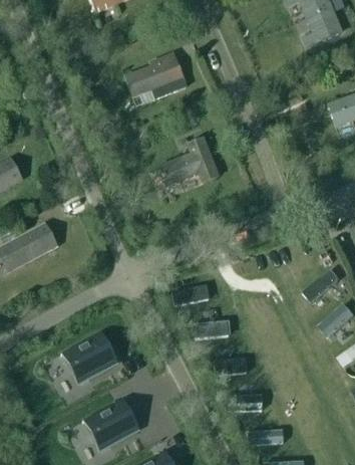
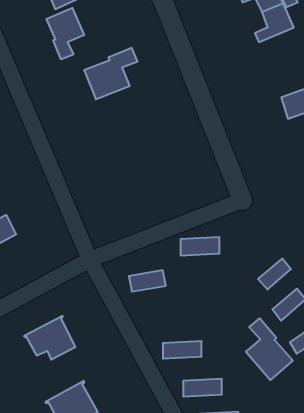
building: none -> [46,8,84,59]
building: [159,136,220,185] -> none
building: [192,321,232,340] -> [181,237,219,256]
building: none -> [246,318,293,380]

